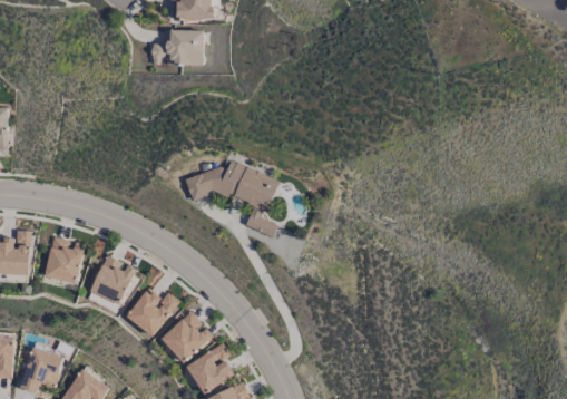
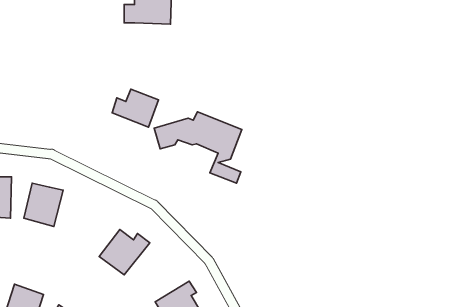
building: none -> [112,89,158,127]
building: [90,255,133,304] -> none
building: [159,312,213,363] -> none

